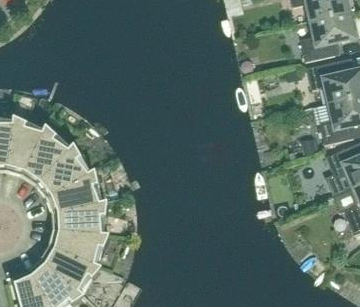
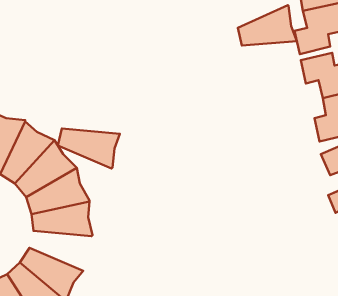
building: none -> [238,5,297,45]
building: [48,229,107,267] -> [58,129,120,169]

